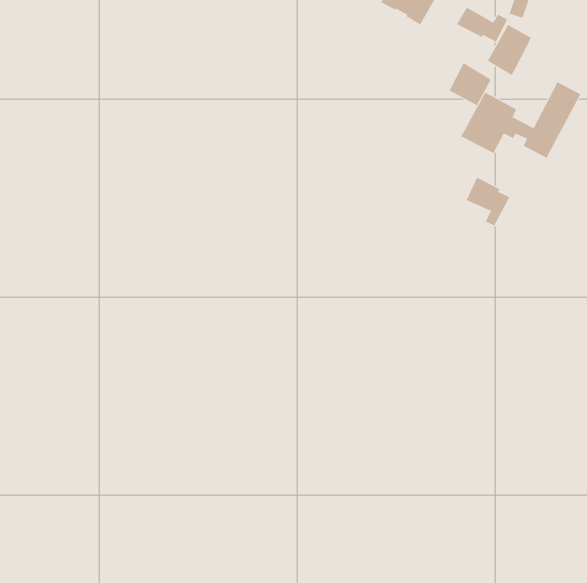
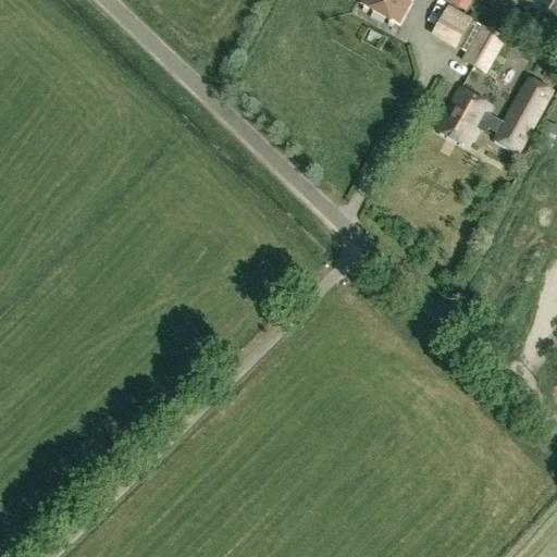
building: [449,62,491,106] -> none
building: [466,177,510,226] -> none

